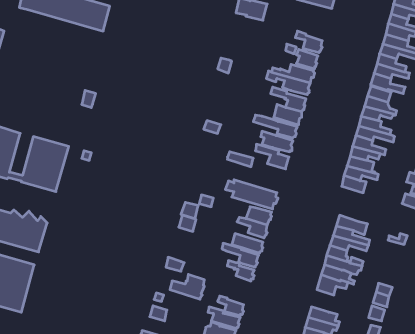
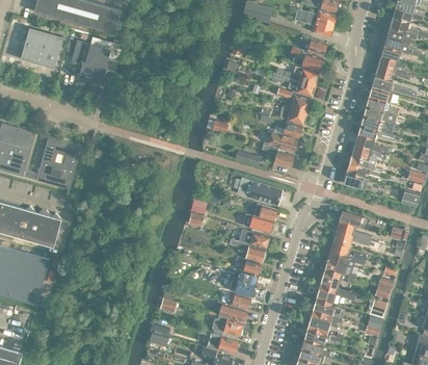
building: none -> [295,9,336,36]
building: none -> [21,30,63,69]
building: none -> [71,40,121,82]
building: [170,274,204,299] -> [222,272,256,296]
building: none -> [317,284,355,304]

